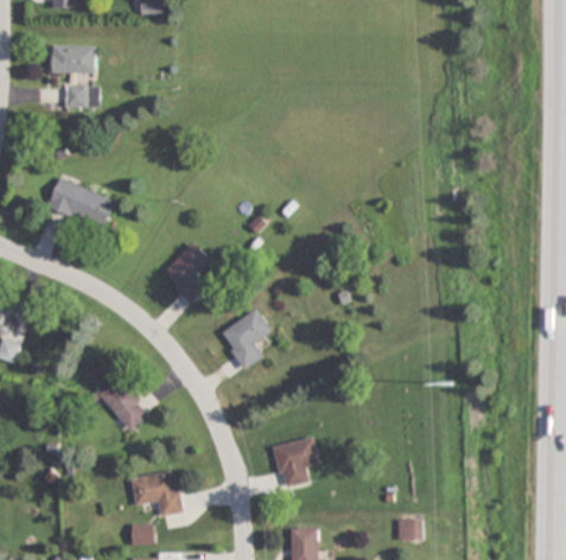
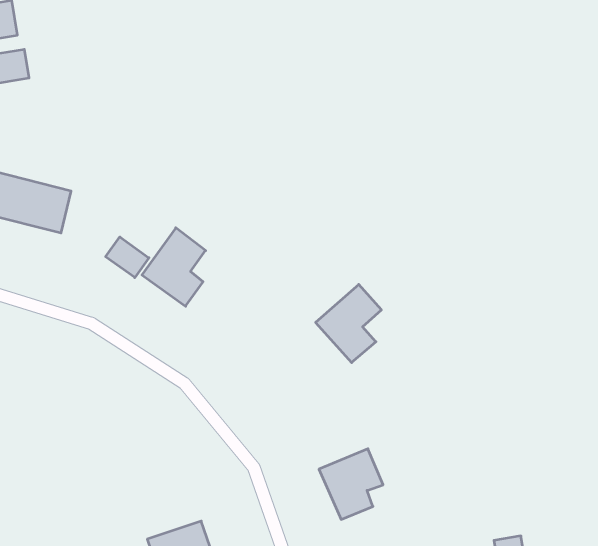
building: none -> [106,237,149,278]
building: [218,310,271,369] -> [316,284,381,363]
building: [95,374,150,429] -> none

